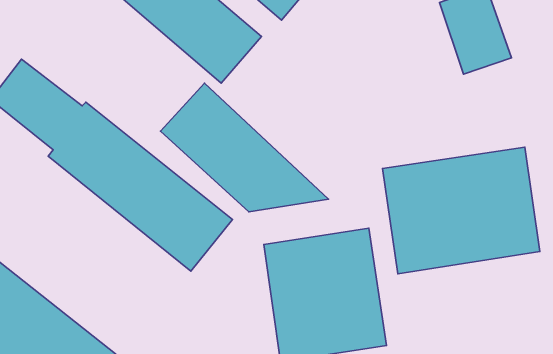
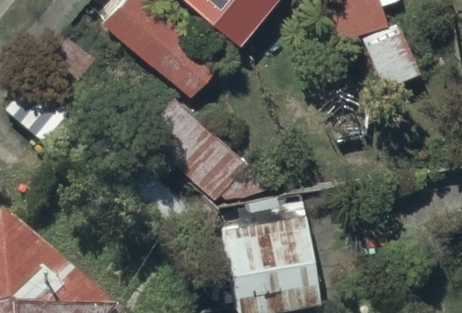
building: [383,147,540,274] -> none

